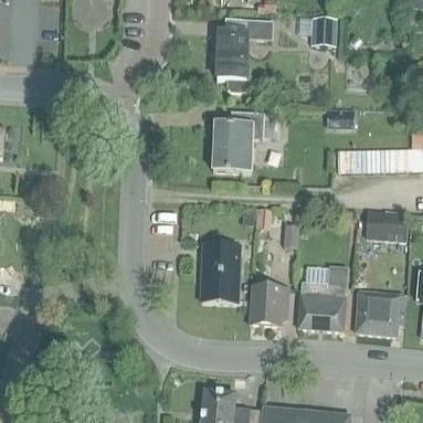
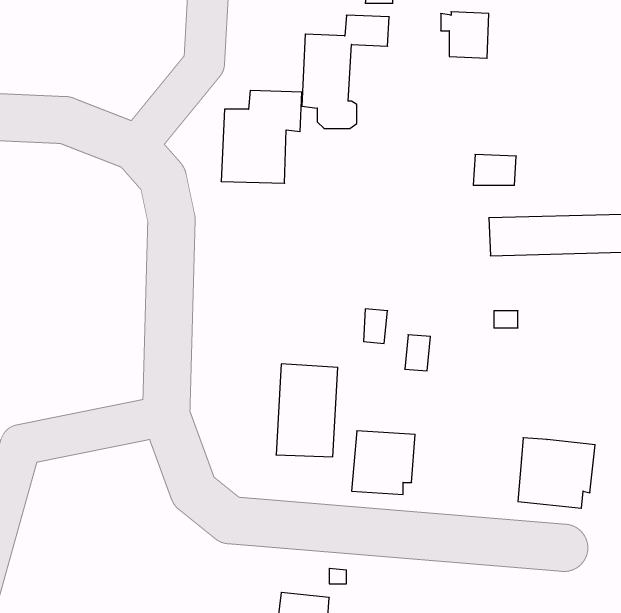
building: [211,110,263,170] -> [221,90,302,183]
building: [364,209,408,241] -> none
building: [297,264,346,330] -> none

